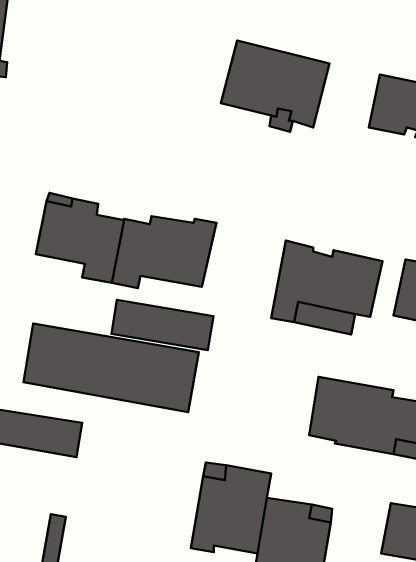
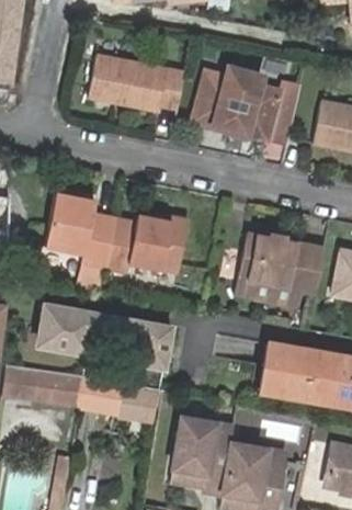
building: none -> [89,55,185,113]
building: [111,300,213,350] -> [77,381,159,421]

